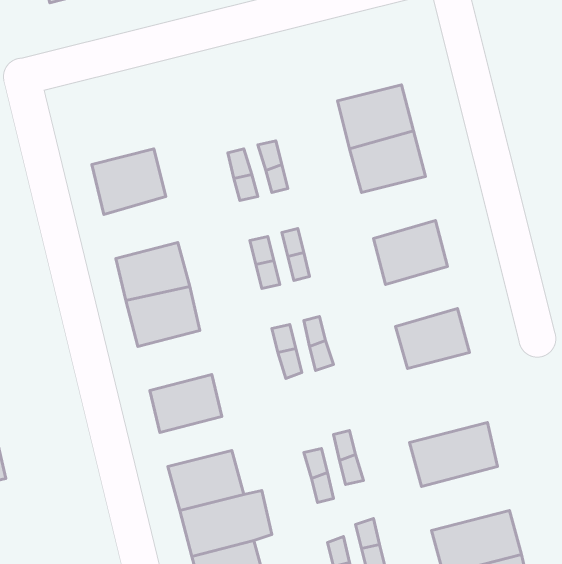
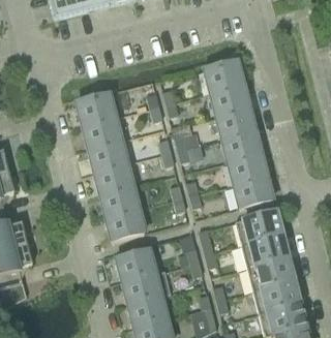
building: none -> [216,106,254,139]
building: none -> [83,117,121,149]
building: none -> [229,153,266,184]
building: none -> [100,186,139,217]
building: none -> [235,210,281,244]
building: none -> [247,256,293,289]

